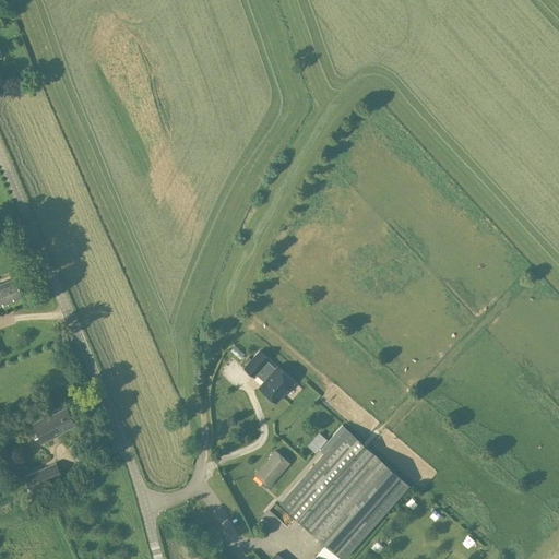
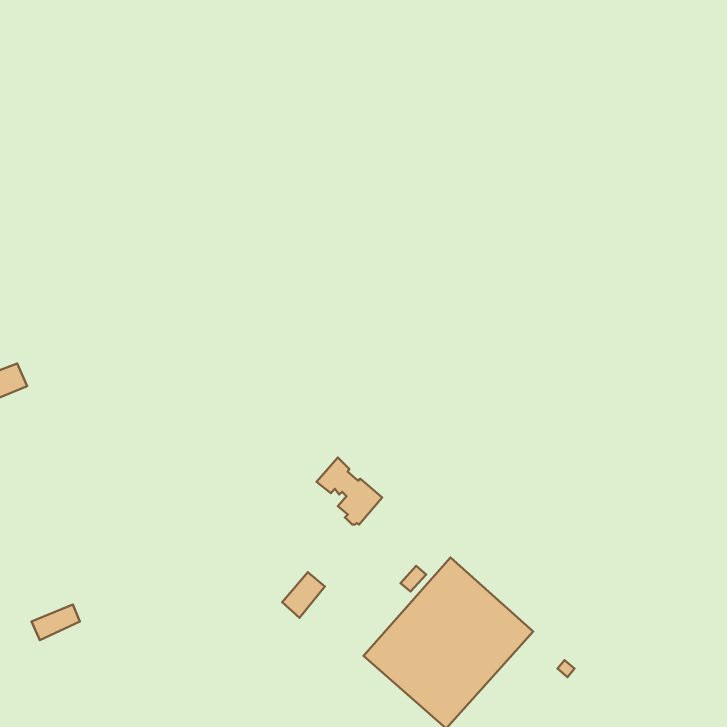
building: [32,407,74,443] -> none
building: [254,452,287,487] -> [282,572,325,618]

